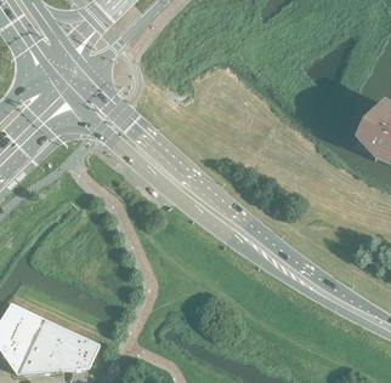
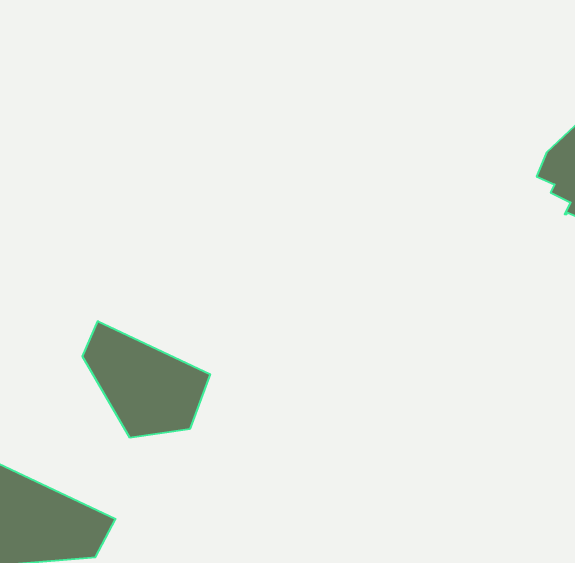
building: none -> [83,321,210,438]

